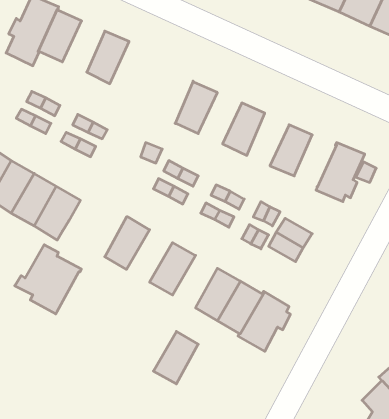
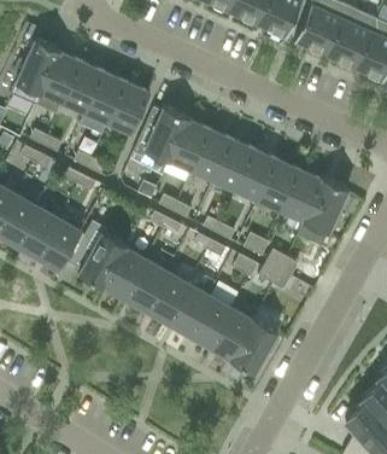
building: none -> [64,63,104,111]
building: none -> [109,82,149,132]
building: none -> [134,106,189,162]
building: none -> [192,130,233,179]
building: none -> [238,150,277,199]
building: none -> [282,170,322,220]
building: none -> [125,260,168,309]
building: [15,245,81,314] -> [64,222,127,287]
building: [153,331,198,384] -> [168,284,210,333]

